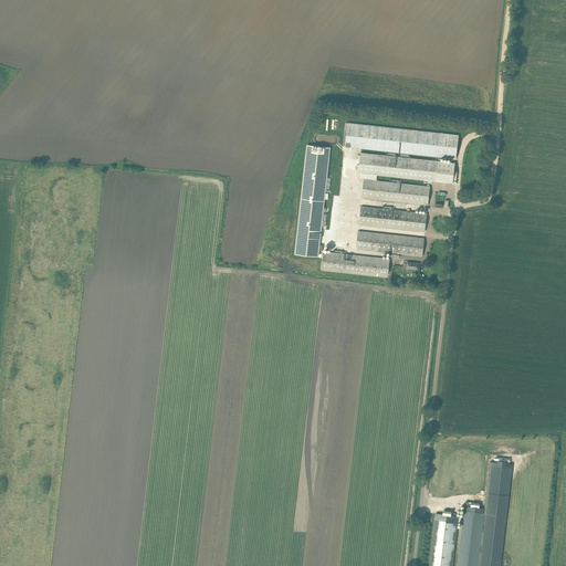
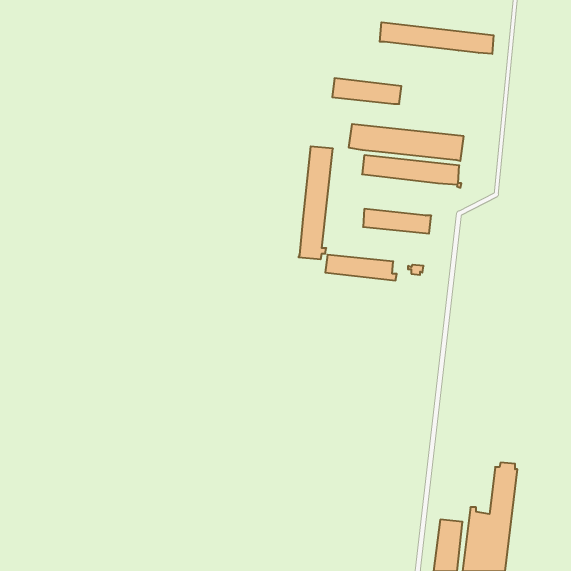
building: none -> [380,22,494,54]
building: [361,179,430,205] -> [332,78,401,104]
building: [356,231,424,255] -> none

